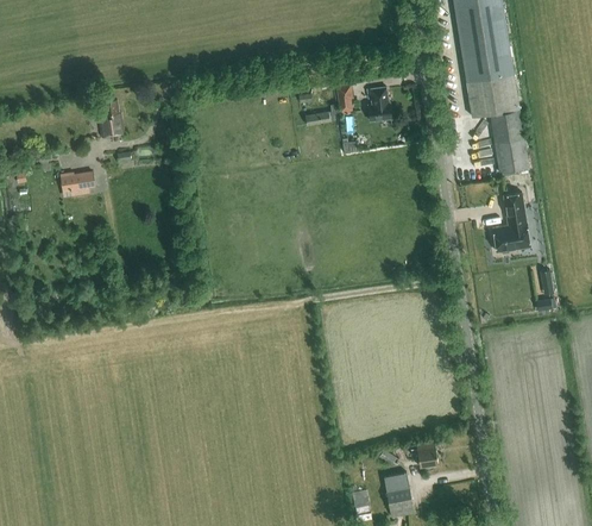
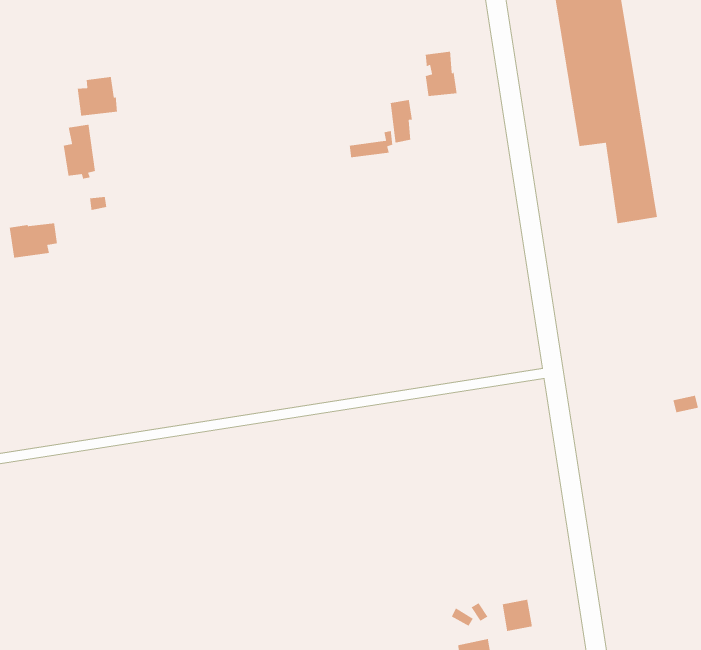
building: none -> [77,76,118,117]
building: [367,86,391,119] -> [425,51,458,97]
building: [492,192,530,253] -> none

